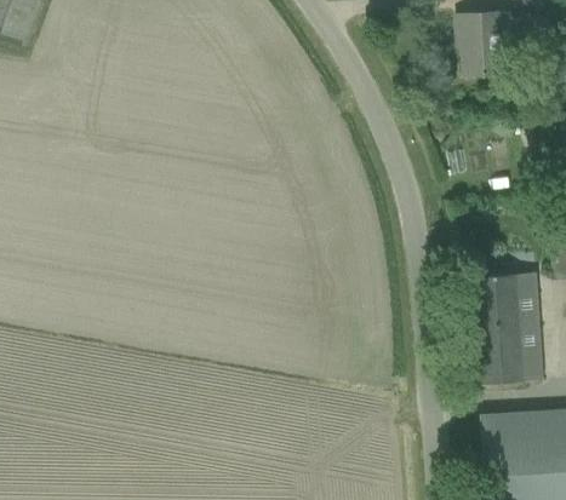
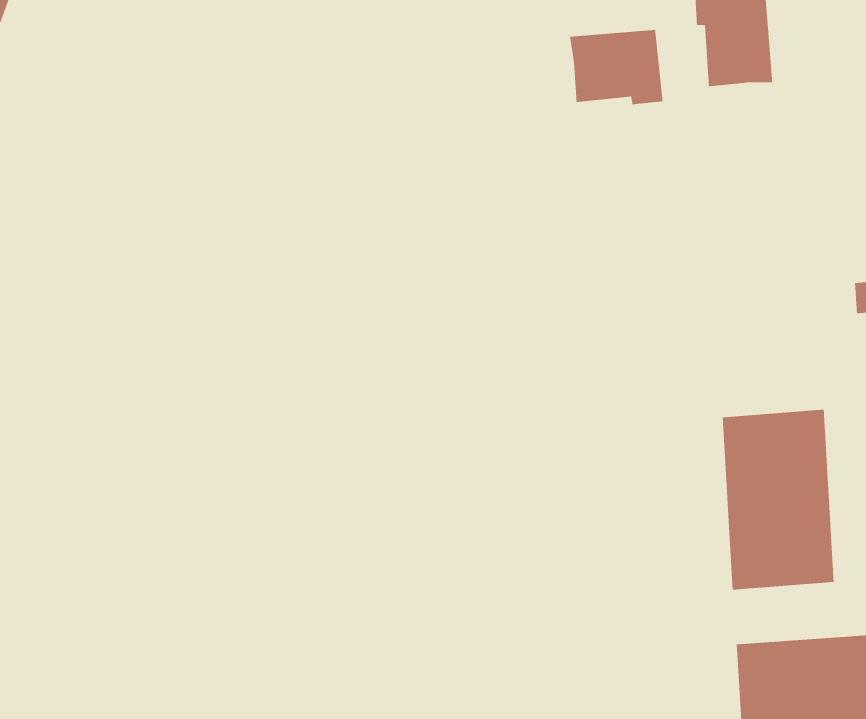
building: none -> [569,29,664,105]

